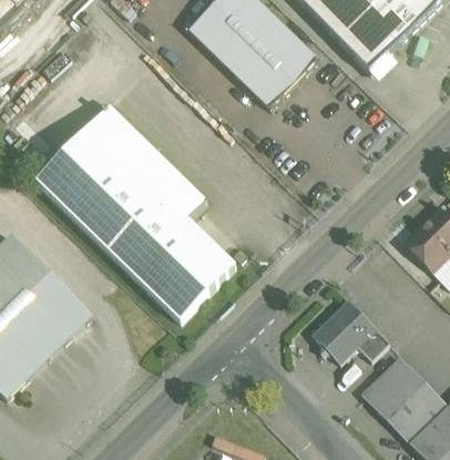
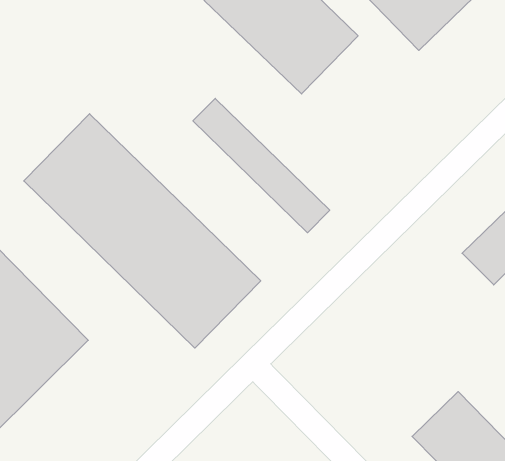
building: [92,105,207,218] -> [193,98,330,233]
building: [313,299,390,362] -> none

